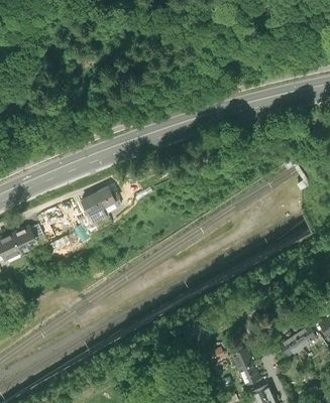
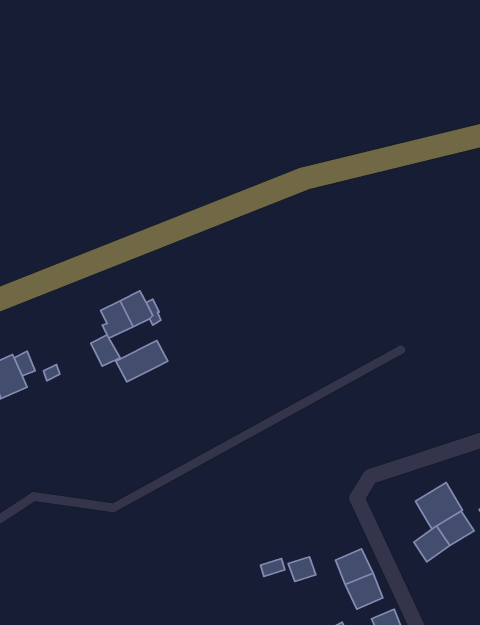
building: none -> [116,341,168,382]
building: none -> [416,483,463,529]

